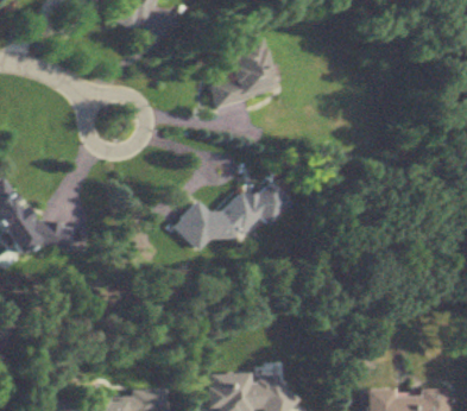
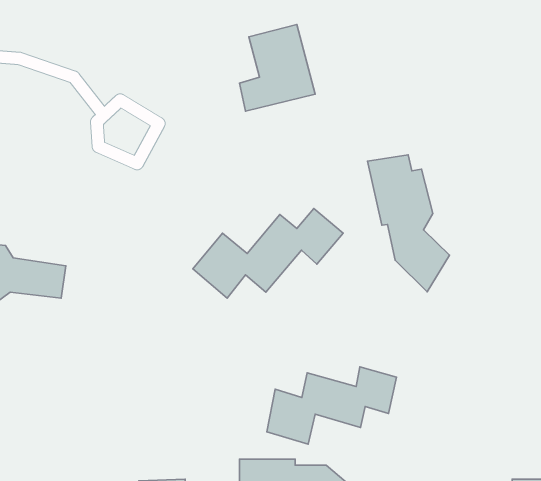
building: none -> [367,155,449,292]
building: none -> [267,367,396,444]

